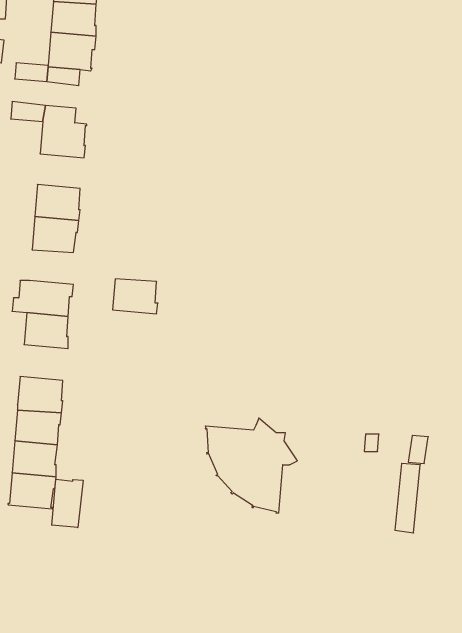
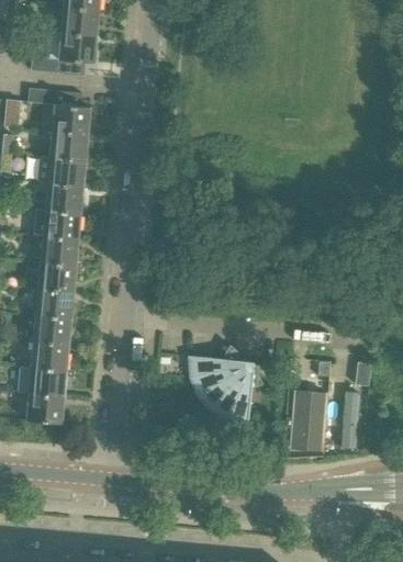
building: none -> [49,132,88,160]
building: [113,279,158,314] -> [43,211,80,239]
building: none -> [35,289,75,318]
building: none -> [286,383,328,450]
building: [52,479,83,528] -> none

